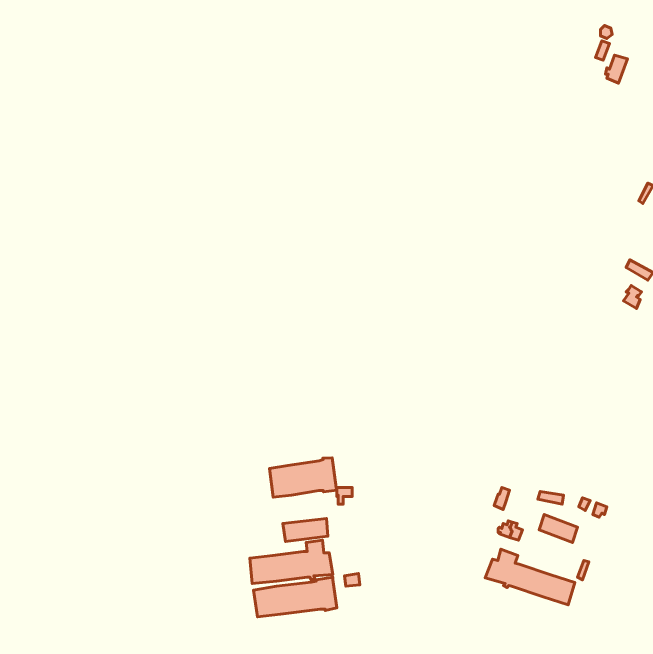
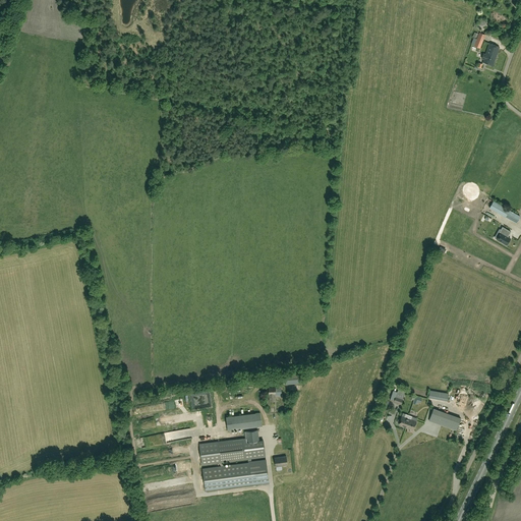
building: [270,458,337,497] -> none
building: [485,549,575,605] -> none

